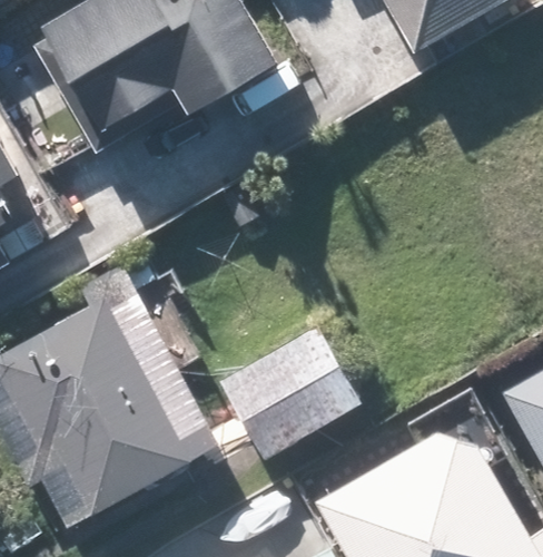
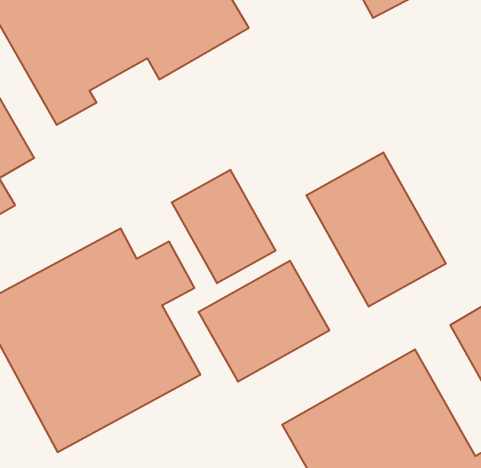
building: none -> [306,152,446,307]
building: none -> [172,170,276,283]

